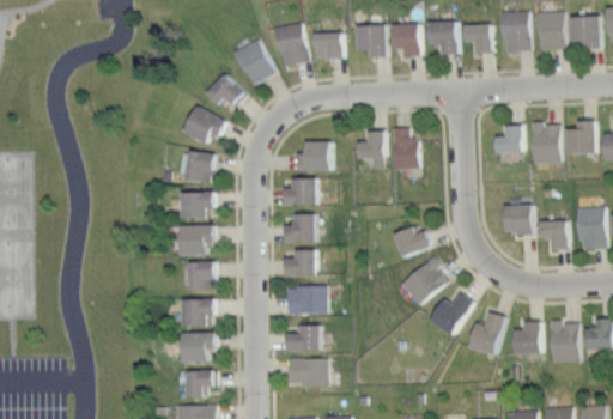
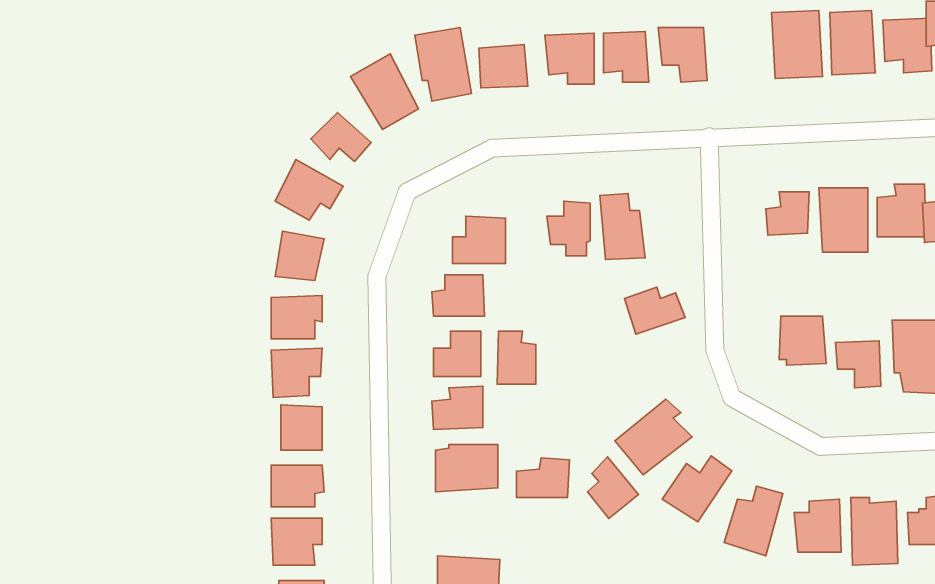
building: [463,24,491,54] -> none
building: none -> [497,331,536,384]
building: [393,227,431,257] -> [625,287,685,334]
building: none -> [588,457,638,518]
building: [285,326,318,351] -> [517,458,569,497]

